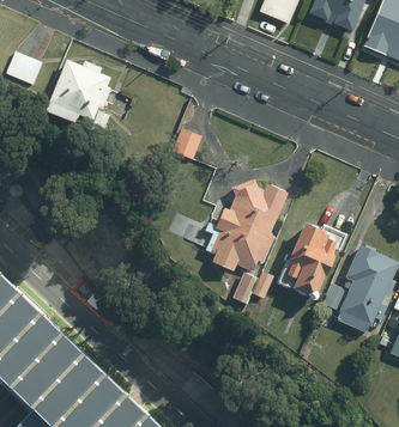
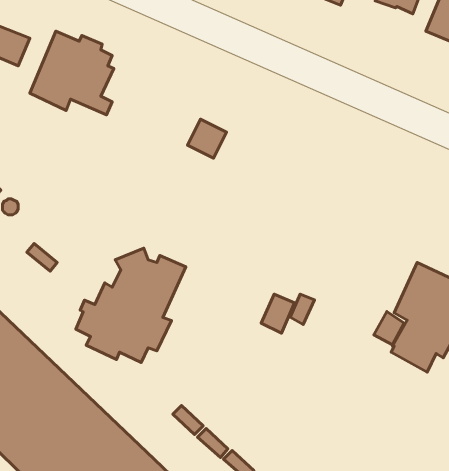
building: [193,170,284,264] -> [76,248,186,362]
building: [271,212,344,291] -> none

